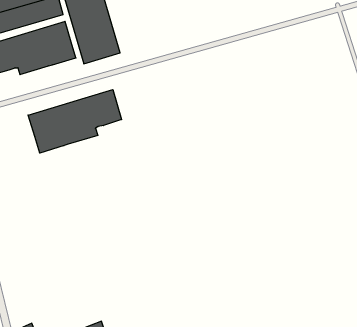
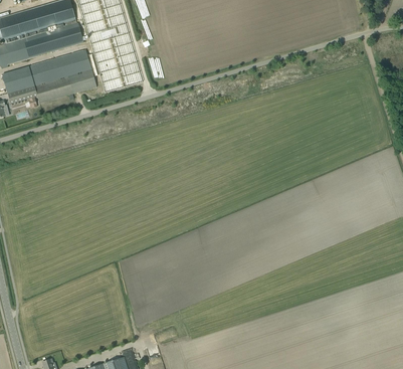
building: [28,90,122,153] -> none

